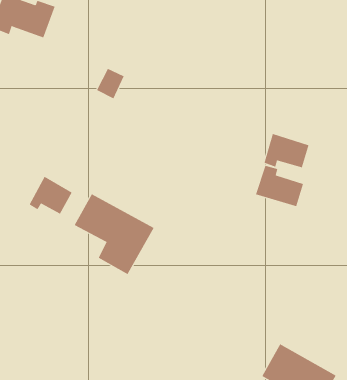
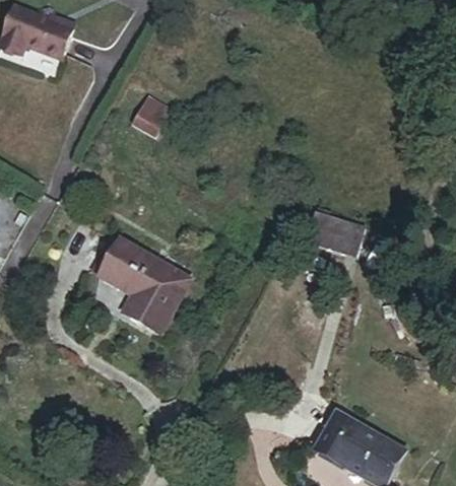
building: [264,133,309,168] -> none
building: [29,176,73,214] -> none

